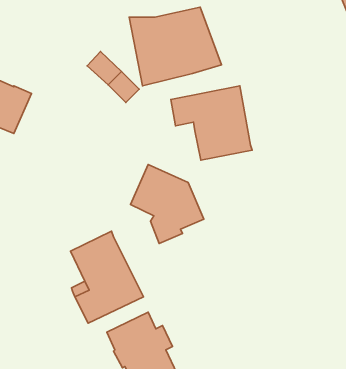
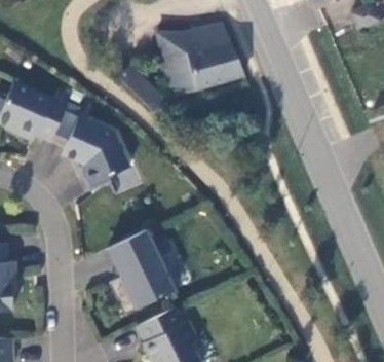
building: [171,86,252,160] -> none
building: [130,165,204,243] -> [62,115,129,188]

